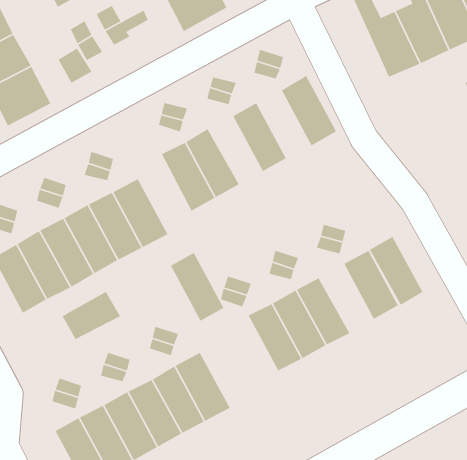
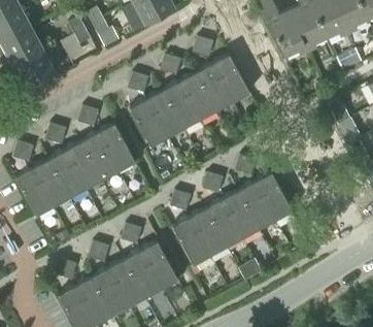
building: none -> [195,65,232,111]
building: none -> [162,83,199,129]
building: [369,236,423,306] -> [237,183,274,230]
building: [170,252,224,322] -> [172,218,209,265]
building: [61,291,121,340] -> none

